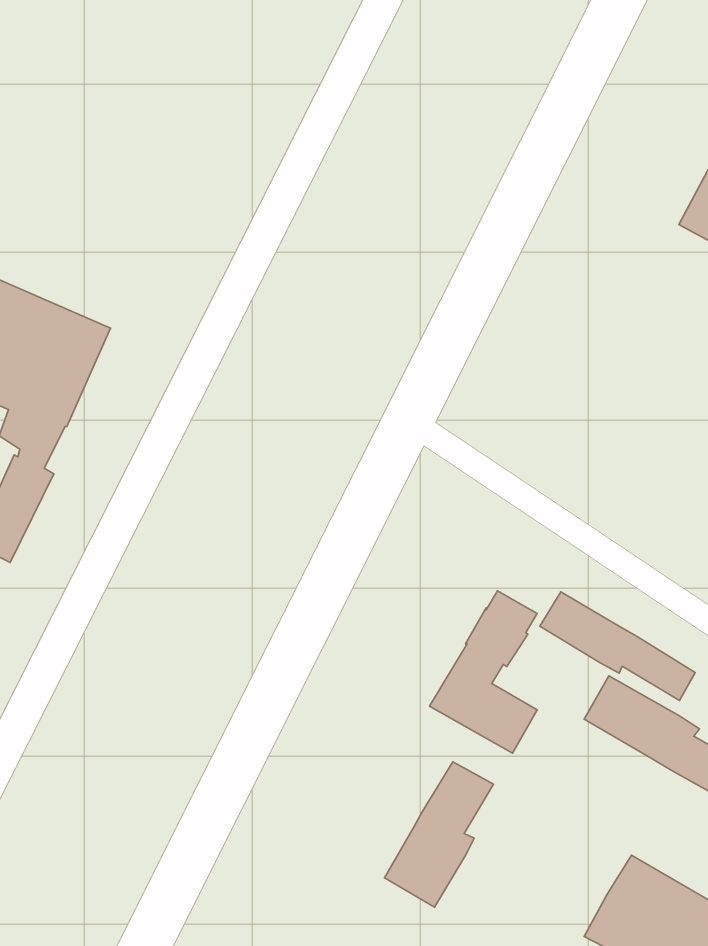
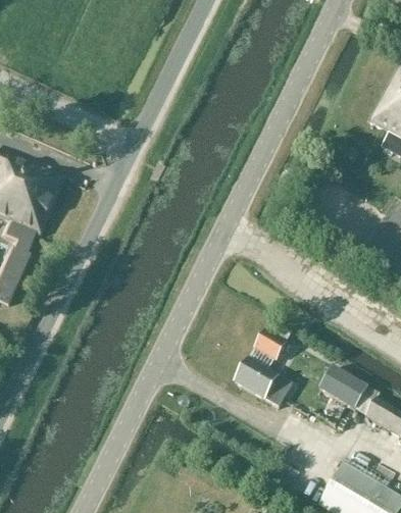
building: [540,592,695,700] -> none
building: [385,762,493,907] -> none

